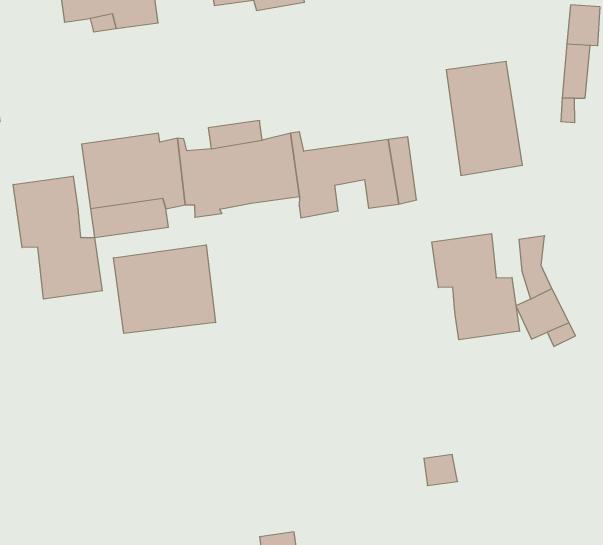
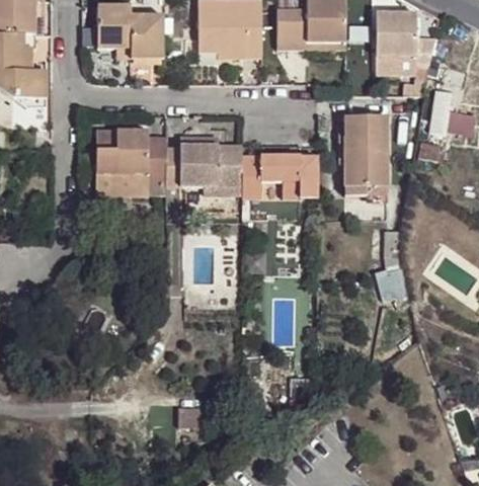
building: [13,176,102,299] -> none
building: [432,234,520,340] -> none
building: [113,245,216,333] -> none

